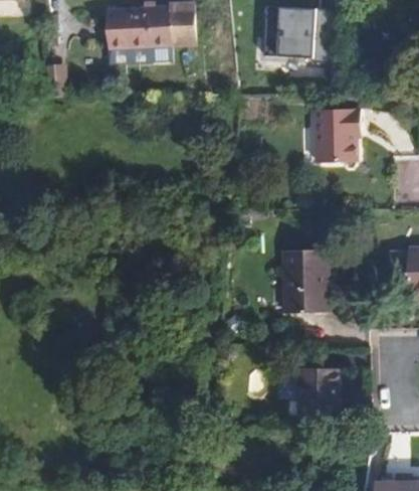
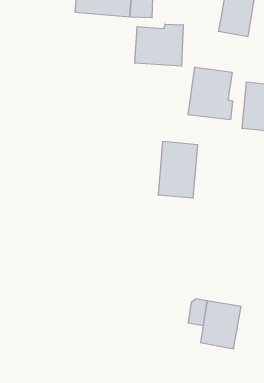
building: none -> [135,24,183,66]
building: none -> [188,67,233,120]
building: [286,250,330,313] -> [158,142,198,198]

